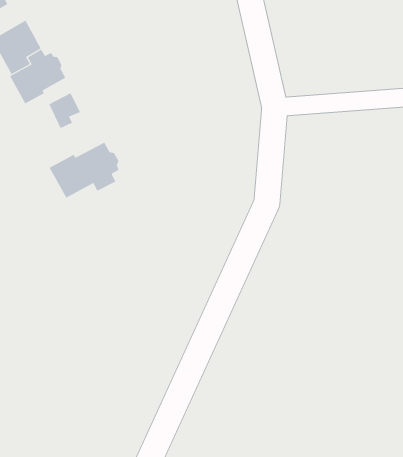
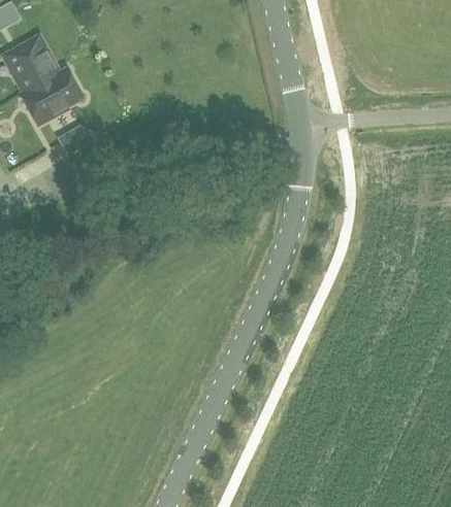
building: [49,142,119,199] -> none

